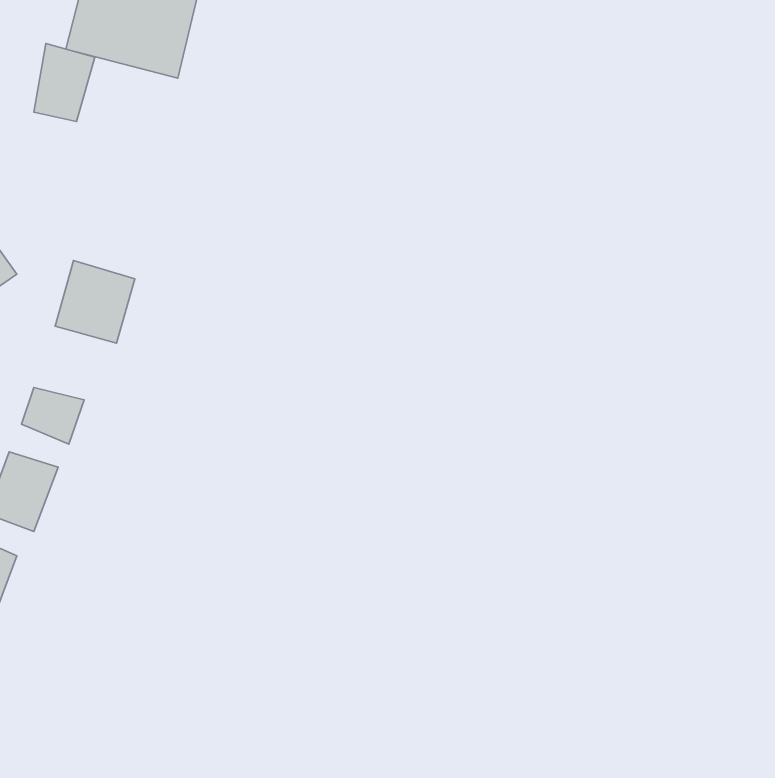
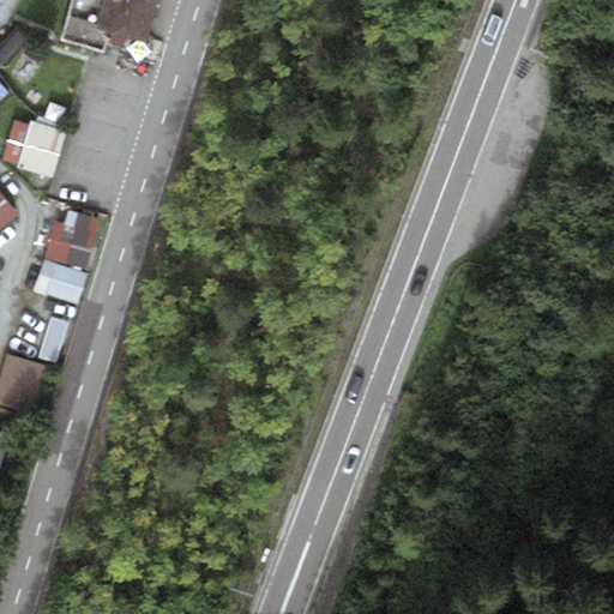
building: [34,43,95,122] -> [13,118,61,179]
building: none -> [34,255,91,303]

